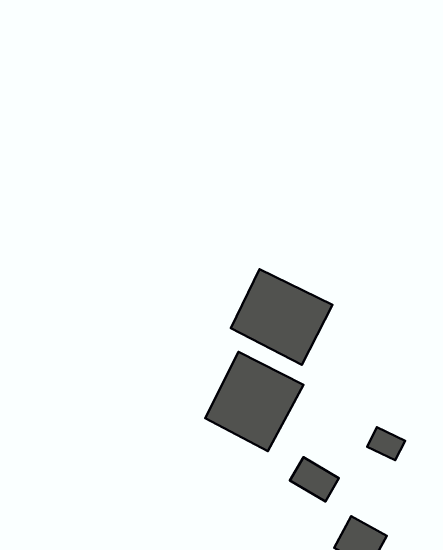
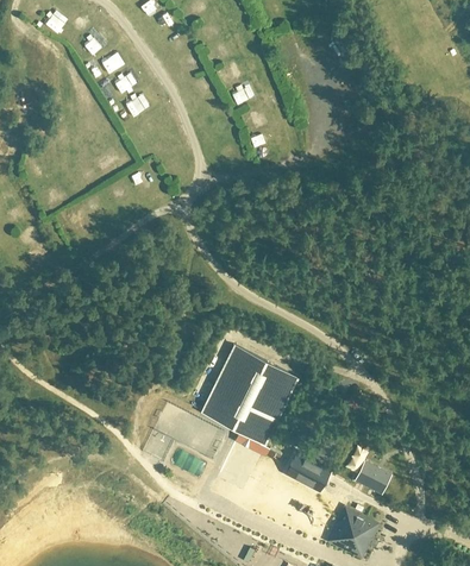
building: [231,269,333,365] -> none
building: [367,427,405,460] -> [353,459,390,491]

